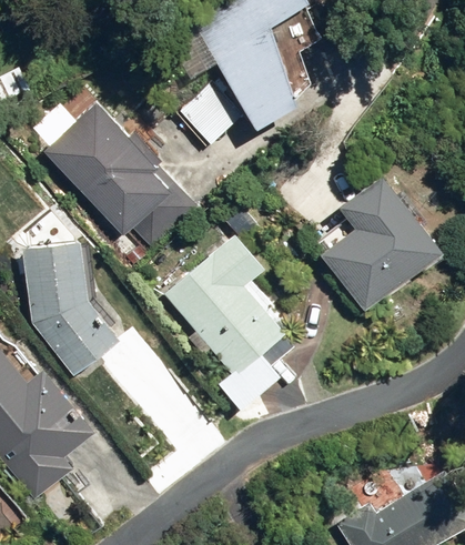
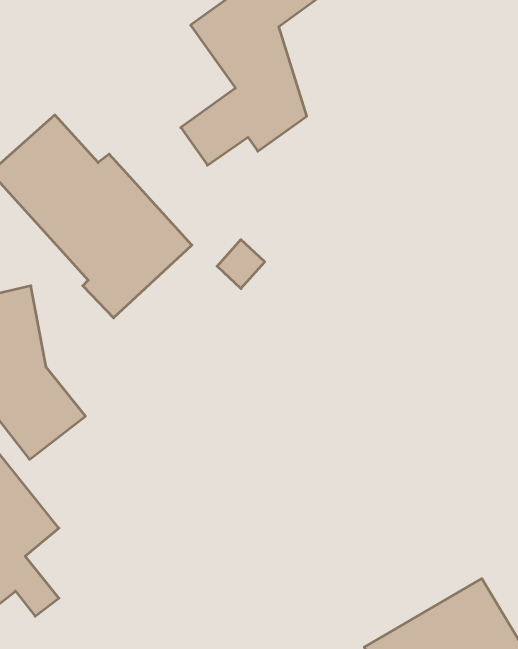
building: [317,169,443,313] -> none
building: [165,235,290,410] -> none

